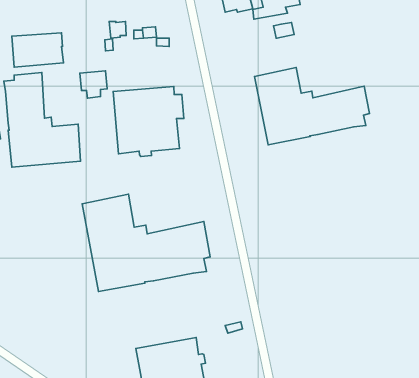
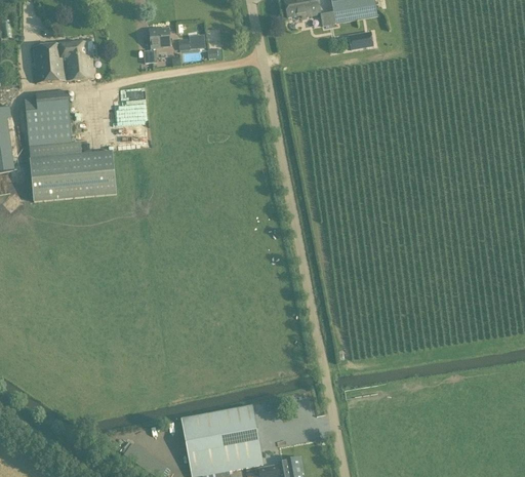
building: [255,67,369,145] -> none
building: [113,86,184,156] -> none
building: [82,194,210,291] -> none

